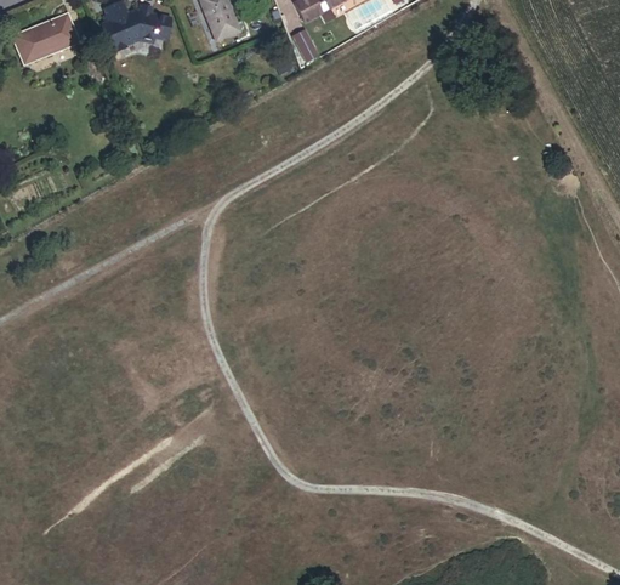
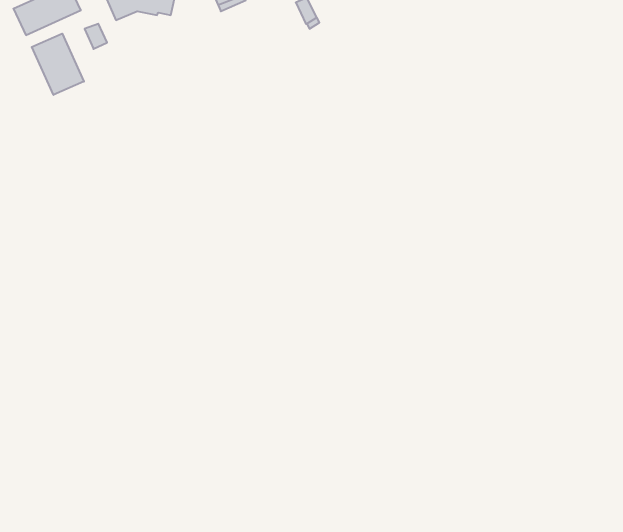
building: none -> [32,34,84,95]

